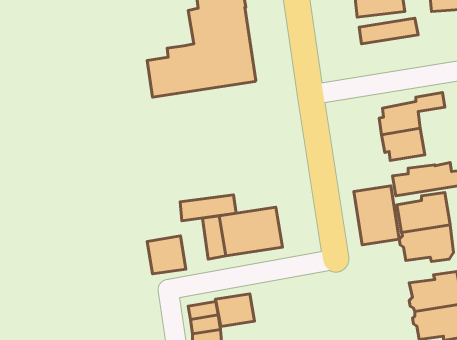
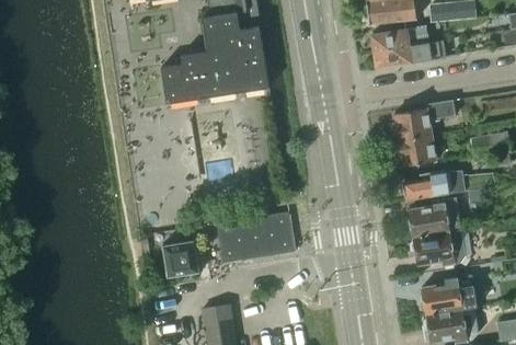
building: none -> [372,39,445,68]
building: [354,186,399,245] -> none
building: [180,195,236,221] -> none
building: [215,294,254,326] -> none

